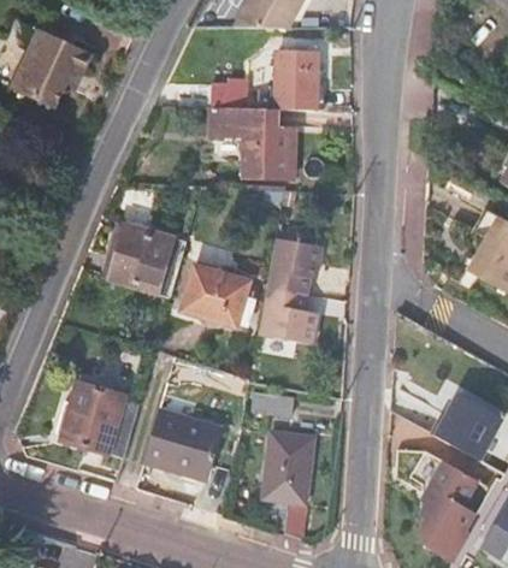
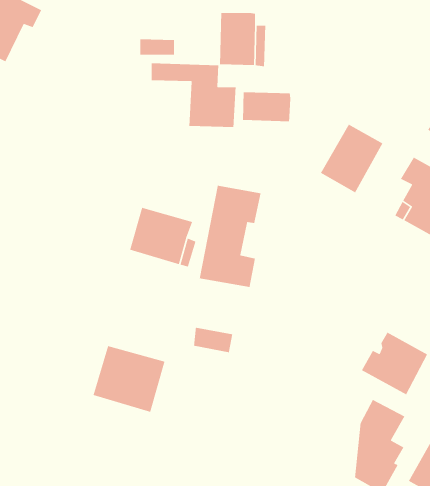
building: none -> [242,91,291,122]
building: none -> [320,124,383,193]
building: [112,223,189,296] -> none
building: [63,379,142,455] -> none
building: [262,431,312,538] -> none

